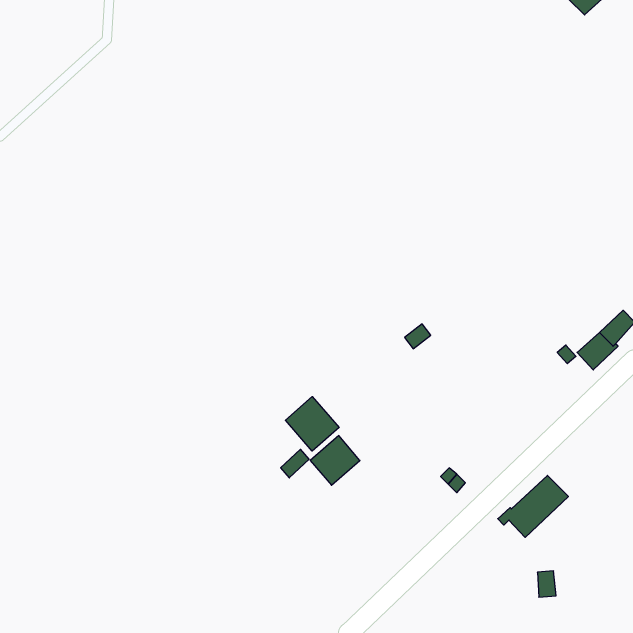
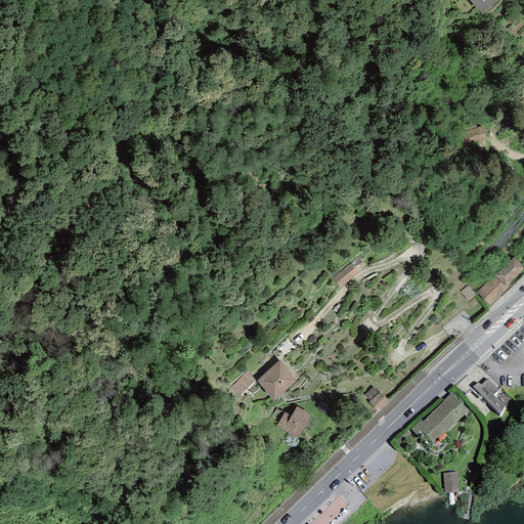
building: [285,397,339,451] -> none
building: none -> [474,378,506,413]
building: none -> [277,405,312,437]

